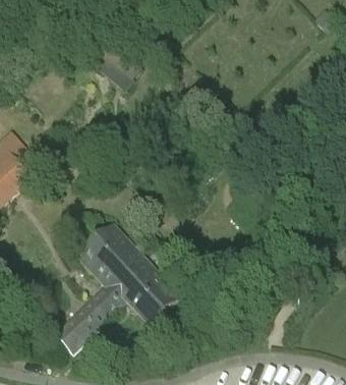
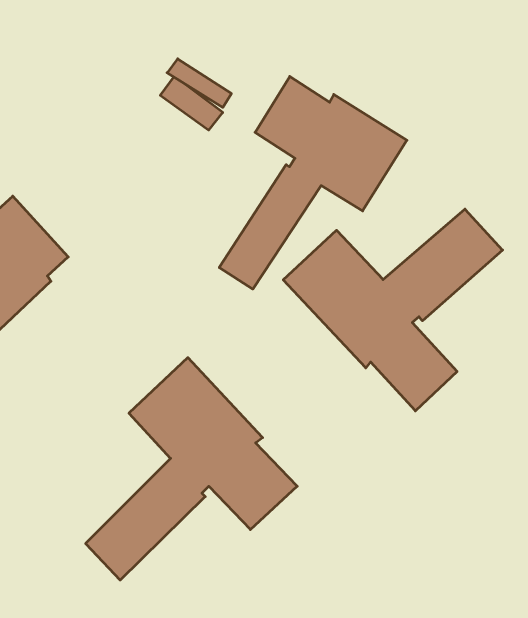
building: none -> [219,76,407,289]
building: none -> [283,209,503,411]

